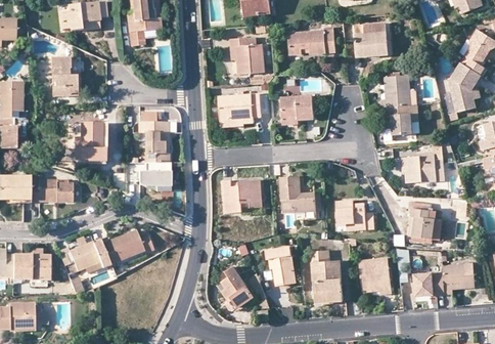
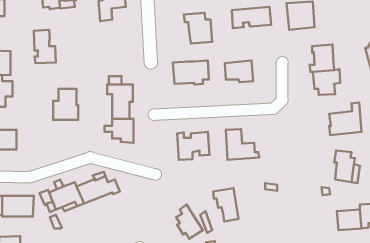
building: [31,176,73,202] -> none
building: [335,200,374,228] -> none
building: [311,254,343,306] -> none
building: [359,257,391,295] -> none

